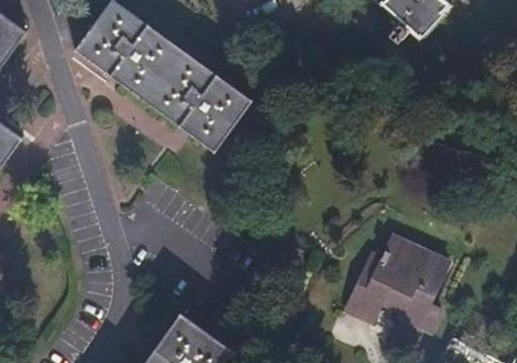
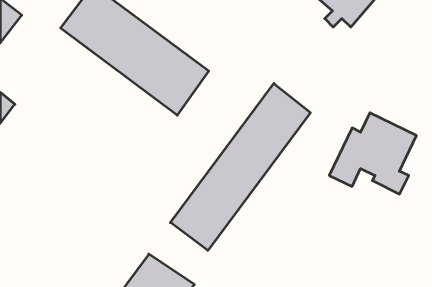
building: none -> [170,83,310,250]
building: [344,243,448,340] -> [329,113,416,194]

